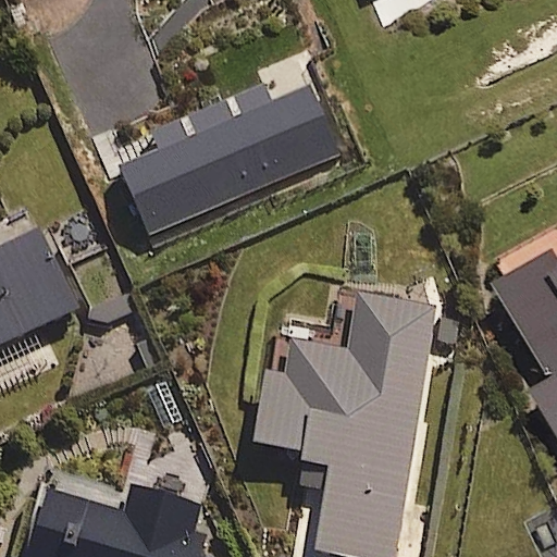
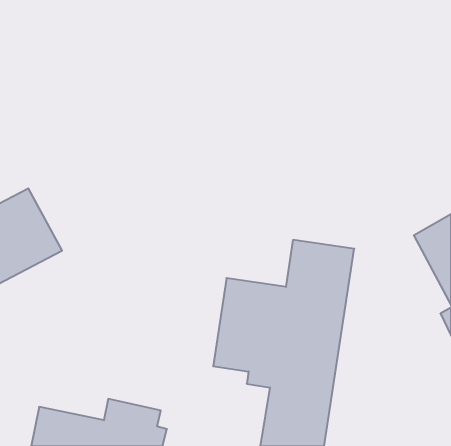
building: [121,84,335,231] -> none

